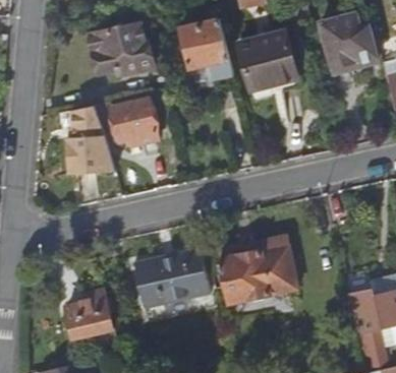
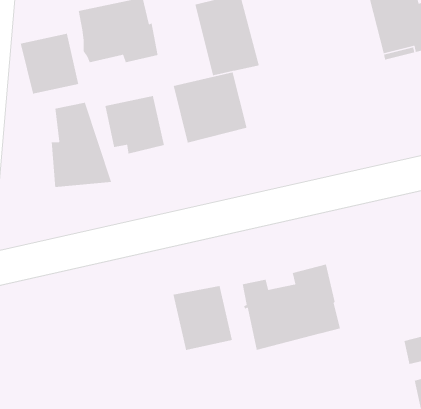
building: [238,33,297,89] -> [173,72,247,143]
building: none -> [20,33,79,94]
building: [135,258,174,309] -> none
building: [67,290,114,338] -> none

